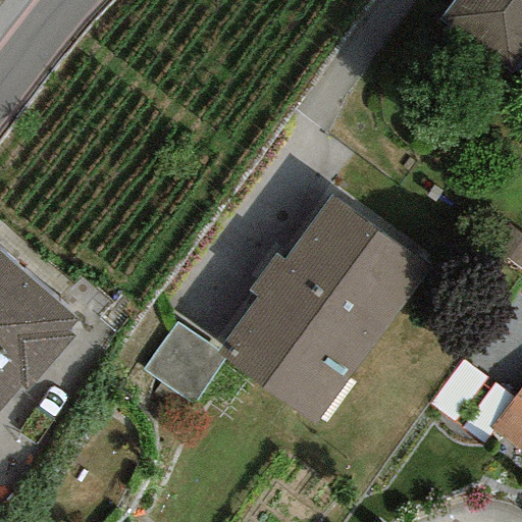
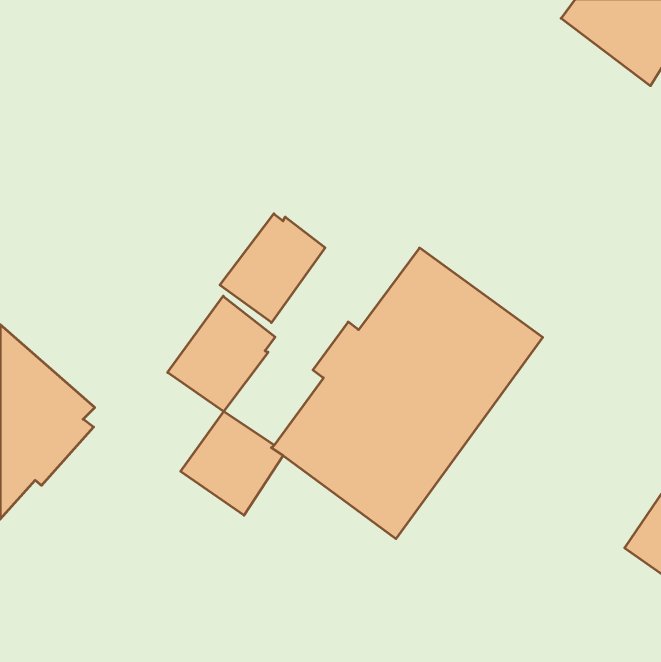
building: none -> [220,214,325,323]
building: none -> [168,296,275,411]

